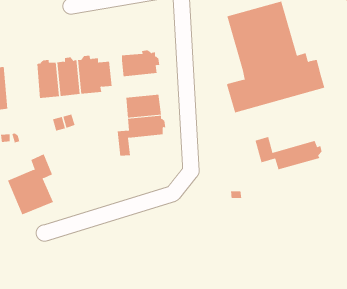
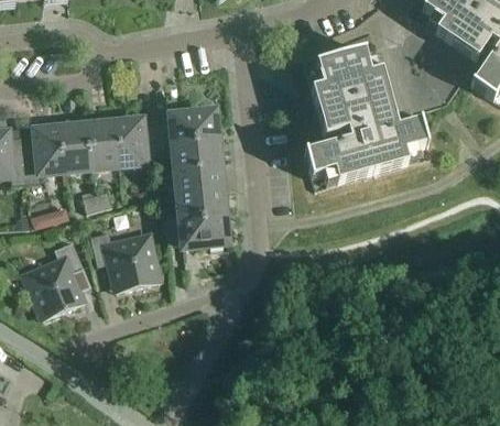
building: none -> [156,119,222,166]
building: none -> [22,120,66,181]
building: none -> [181,214,230,247]
building: [255,136,322,170] -> none
building: none -> [90,228,160,288]

